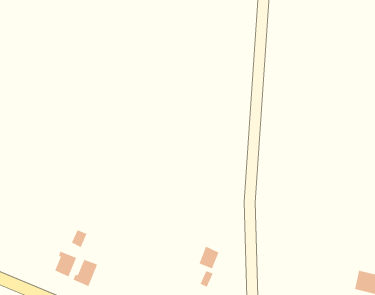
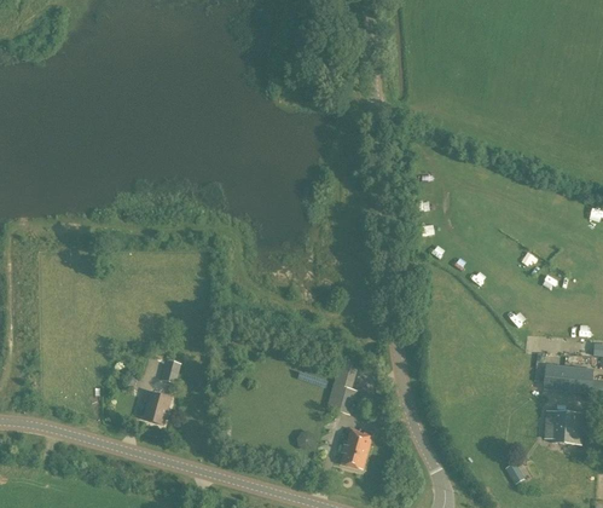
building: [72,259,98,287] -> none

